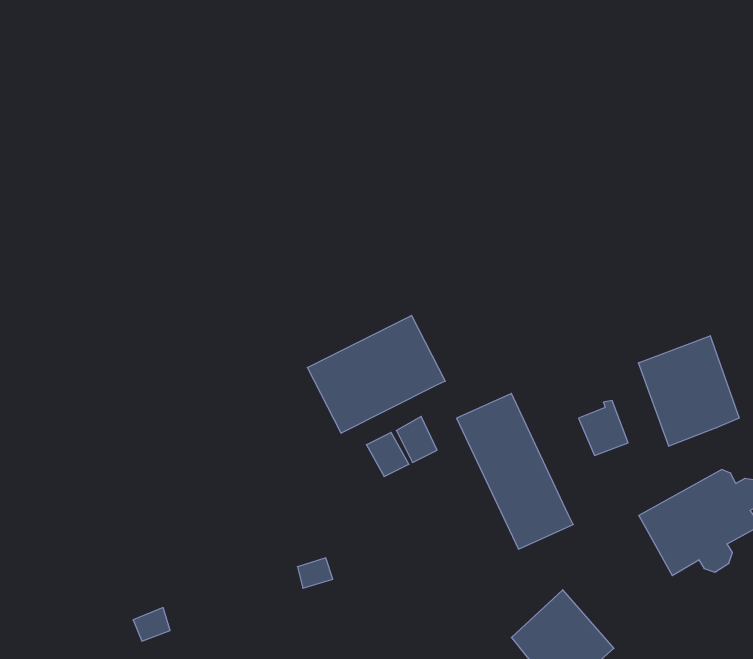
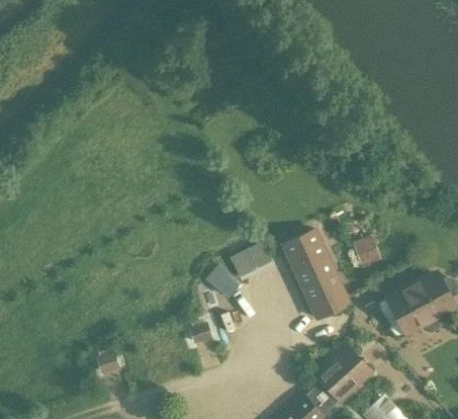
building: [307,315,445,433] -> none
building: [638,336,739,446] -> none
building: none -> [203,262,239,298]

